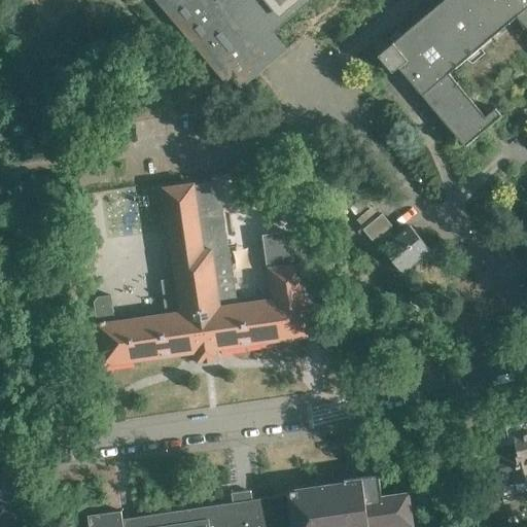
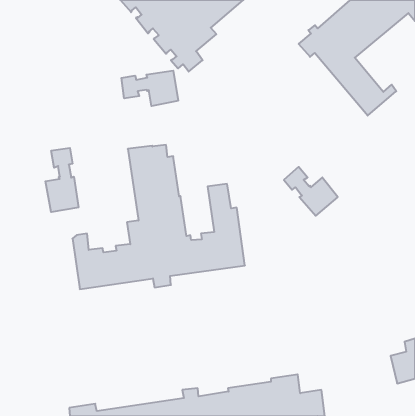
building: none -> [121,71,178,106]
building: none -> [45,148,78,212]

